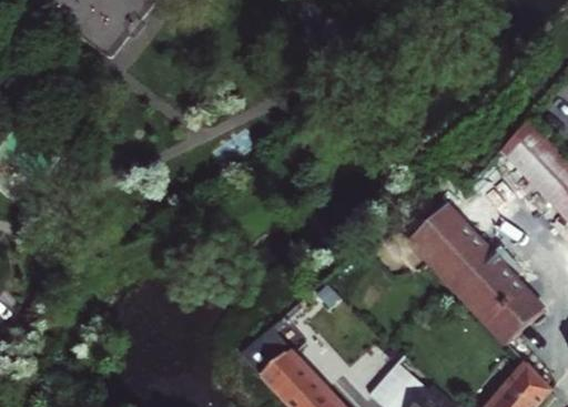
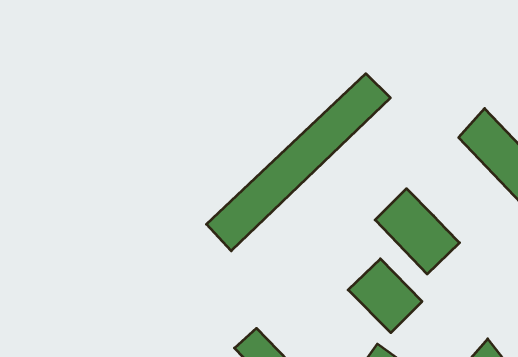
building: none -> [206,74,390,251]
building: [464,261,542,339] -> [348,259,422,333]

